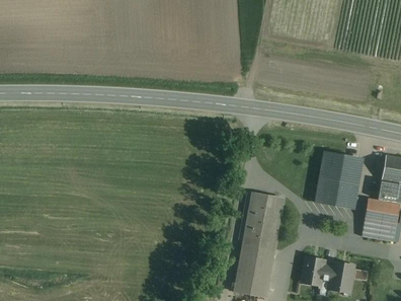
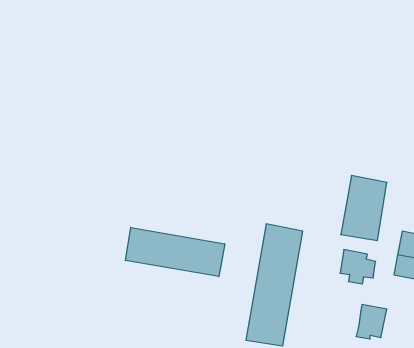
building: none -> [126,227,225,277]
building: [303,256,333,286] -> [340,250,376,284]

